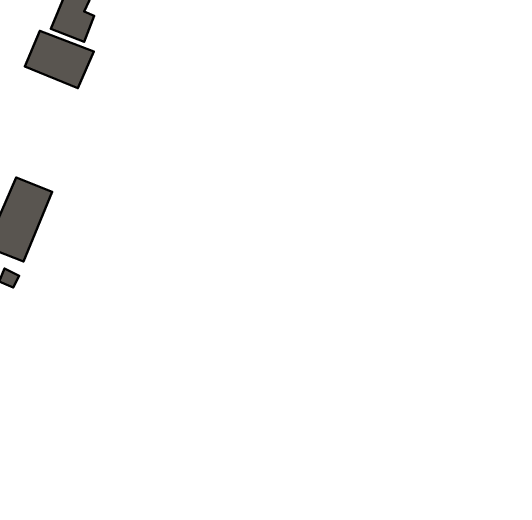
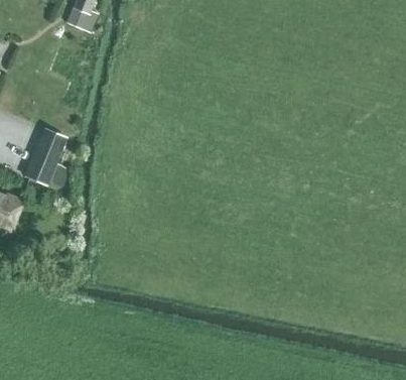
building: [25,31,94,88] -> none

